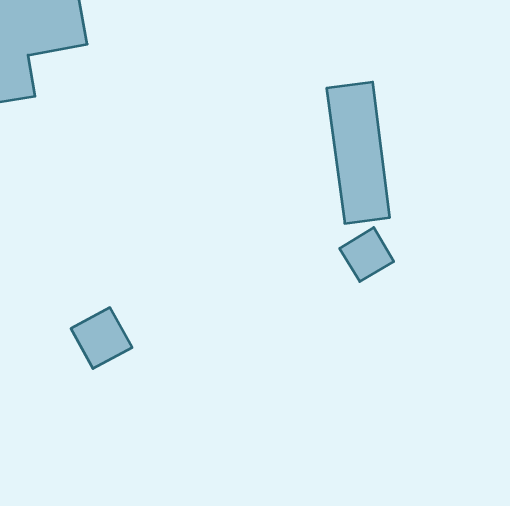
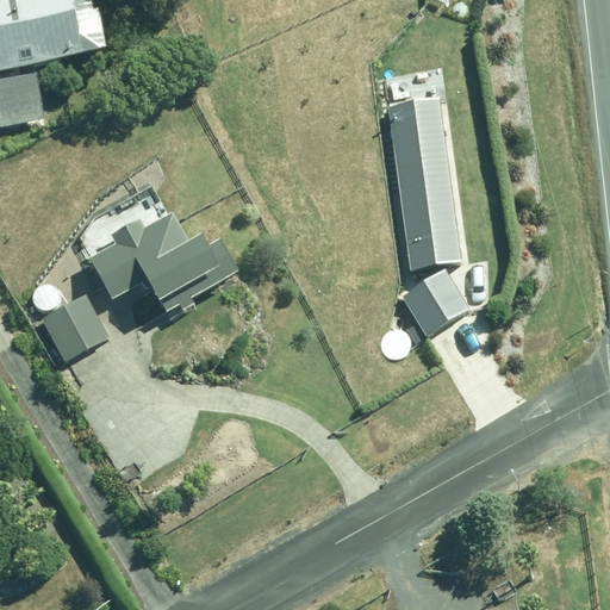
building: none -> [83,212,236,311]
building: [71,308,132,369] -> [35,291,107,363]

